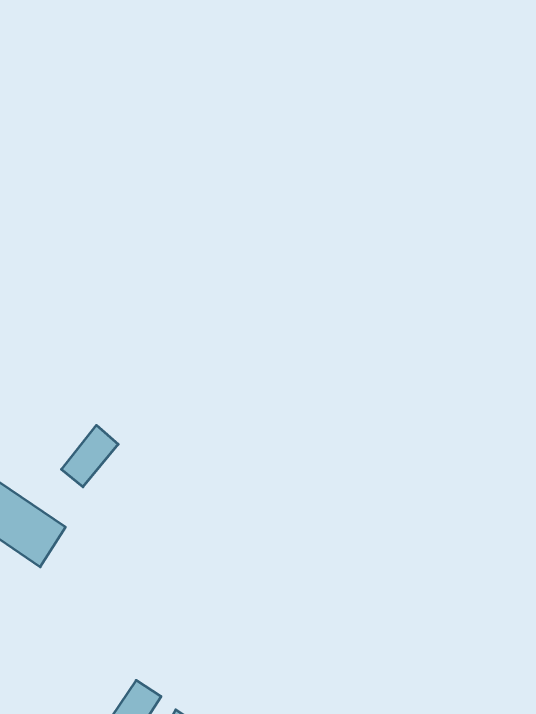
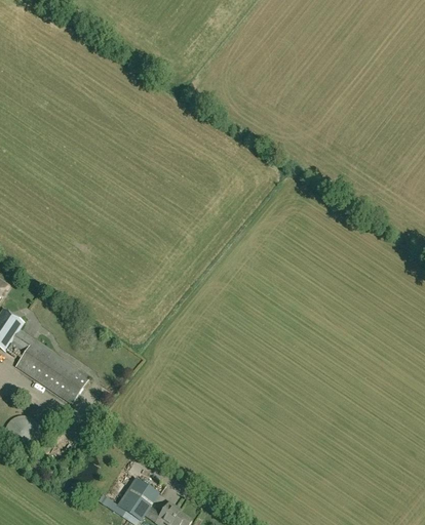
building: [61,425,118,487] -> none

